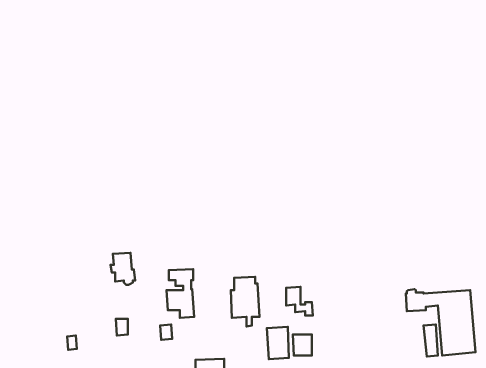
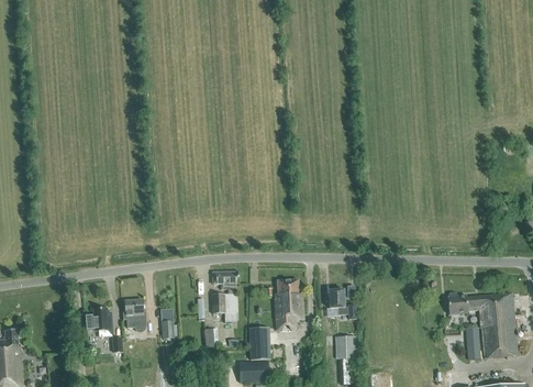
building: [111,253,135,285] -> [121,299,145,331]
building: none -> [84,308,111,335]
building: [267,327,289,359] -> [247,327,269,358]

